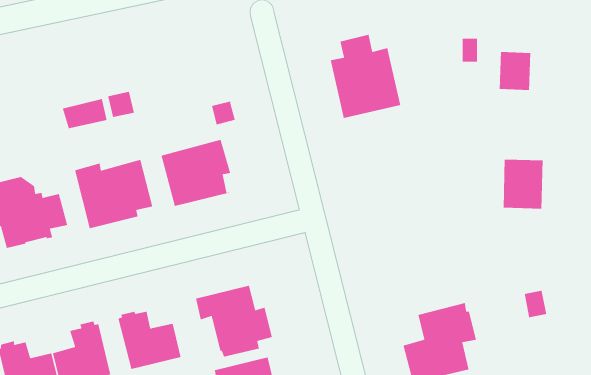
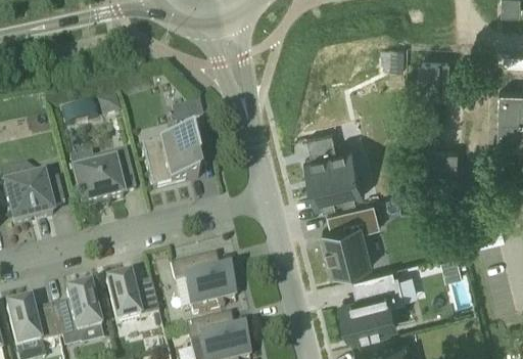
building: [330,34,401,119] -> [305,133,365,204]
building: none -> [322,198,379,269]

